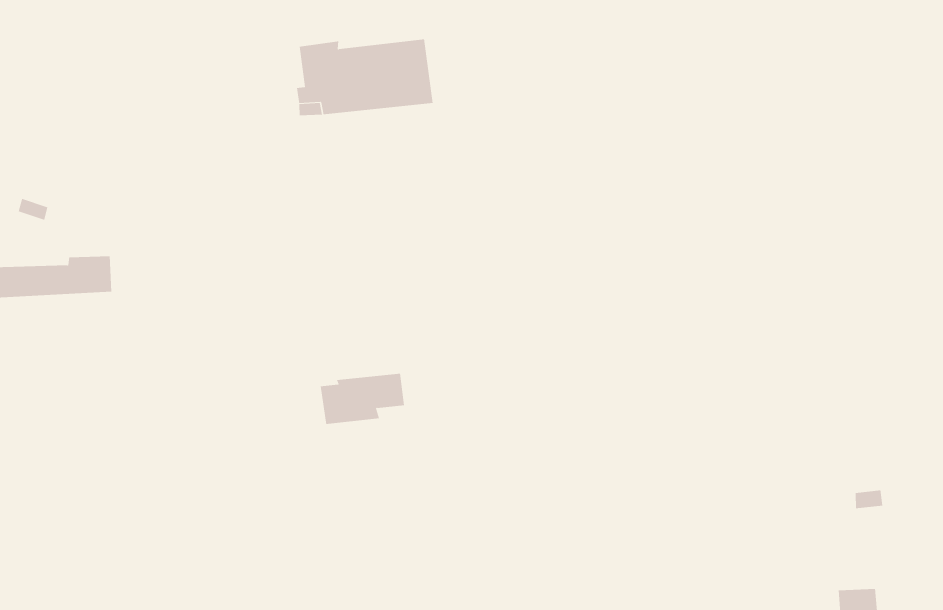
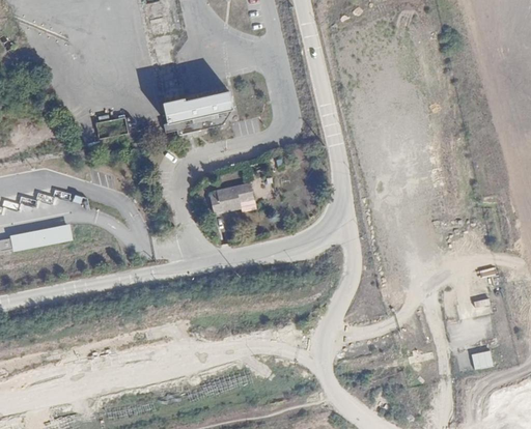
building: [320,373,405,424] -> [212,181,257,212]

